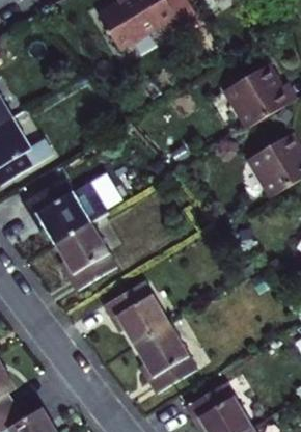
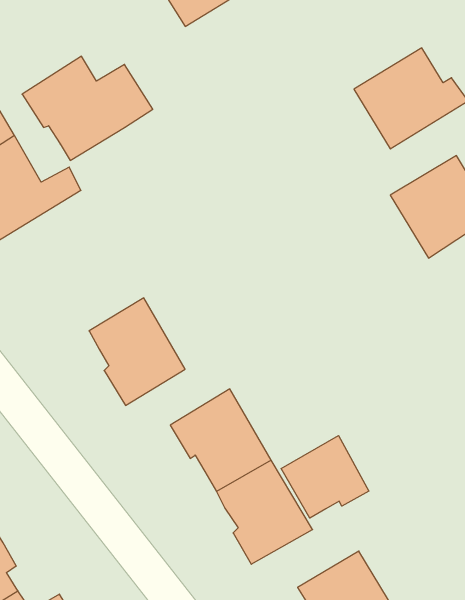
building: [29,177,111,242] -> [22,56,153,160]
building: none -> [281,436,369,518]

